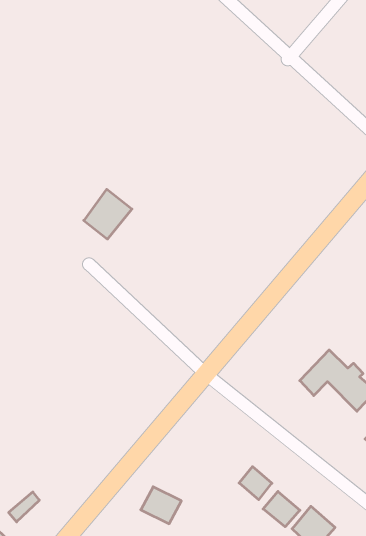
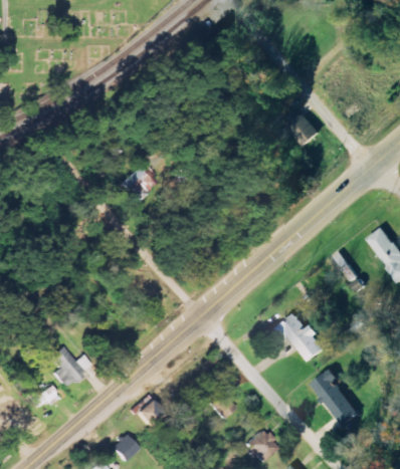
building: none -> [282,109,319,147]
building: none -> [48,347,90,388]
building: [263,491,300,527] -> none

